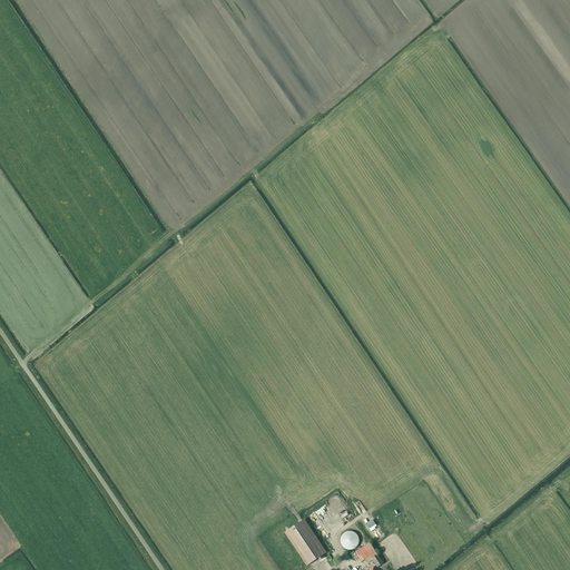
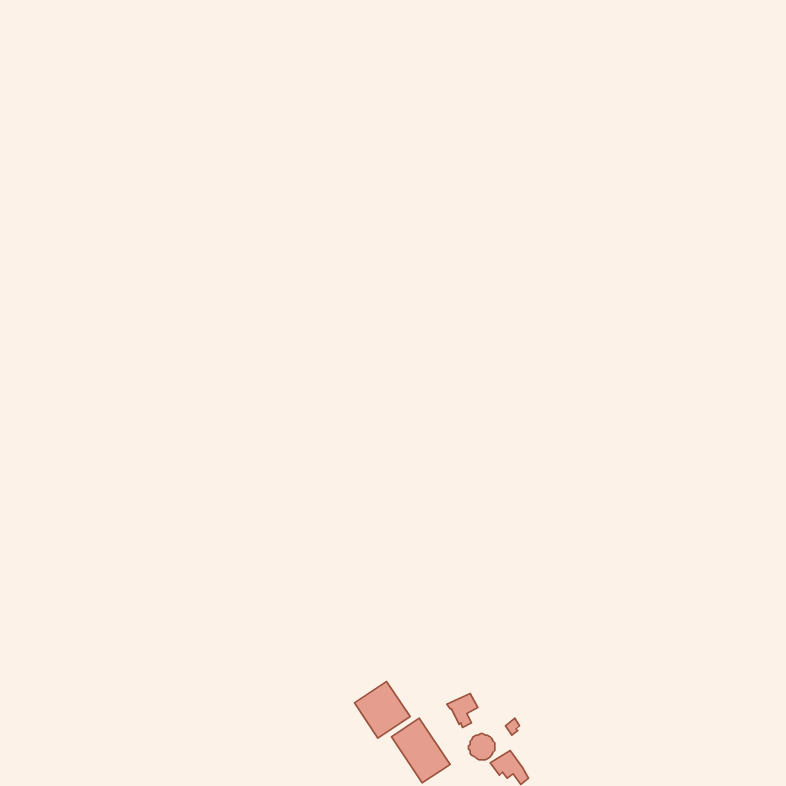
building: none -> [354,681,410,738]

